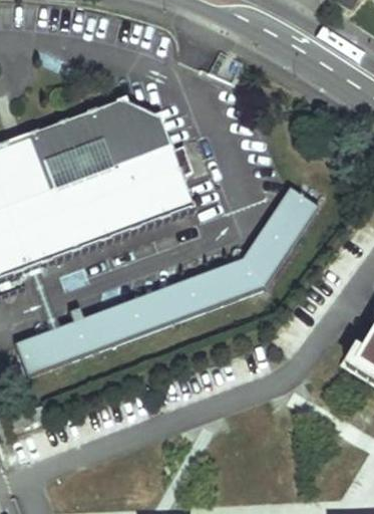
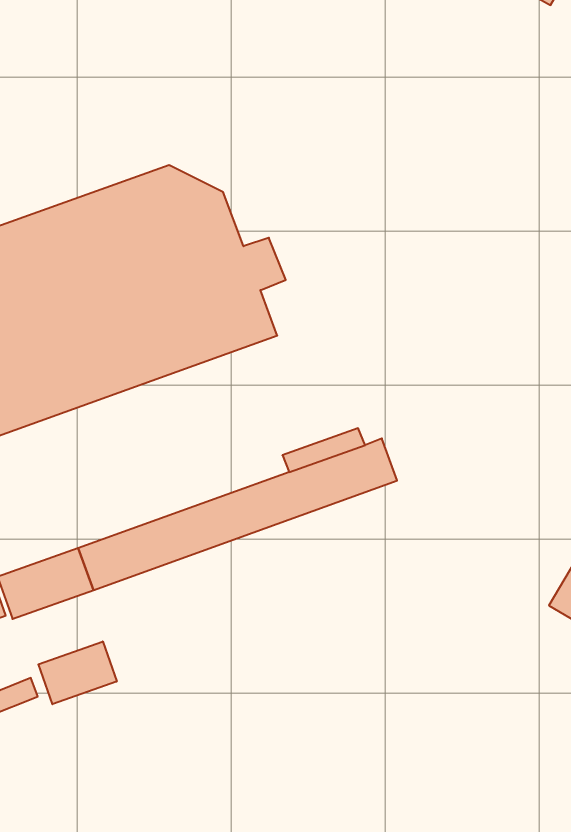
building: [244,188,315,288] -> none
building: none -> [38,641,117,704]

